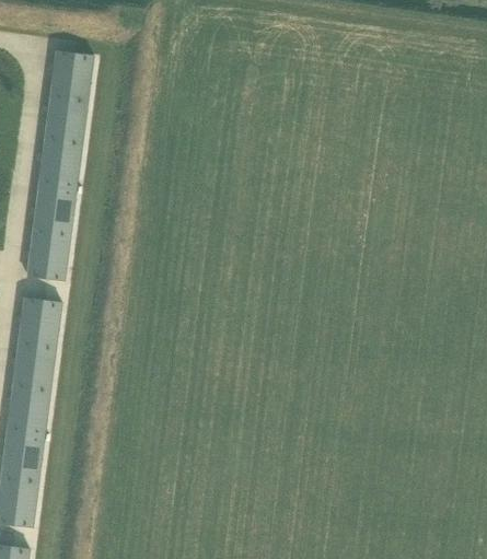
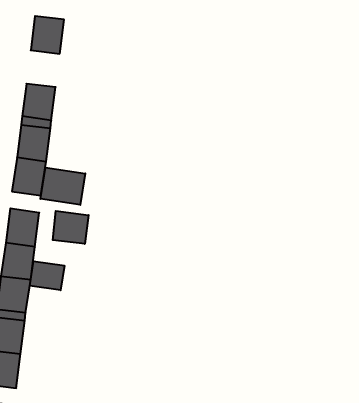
building: [45,95,88,142] -> none
building: none -> [40,167,85,205]
building: none -> [53,211,89,244]
building: none -> [30,261,64,290]

